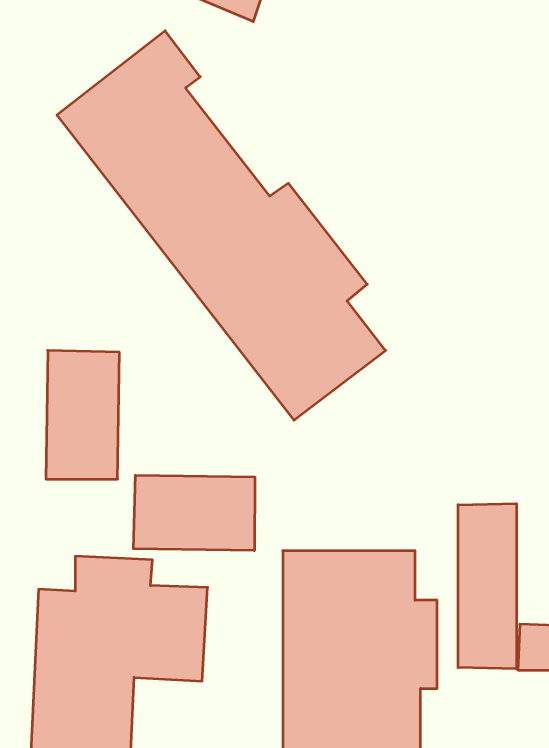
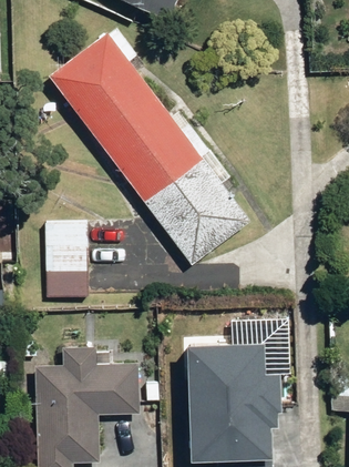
building: [133,475,255,551] -> none
building: [458,504,516,669] -> none

